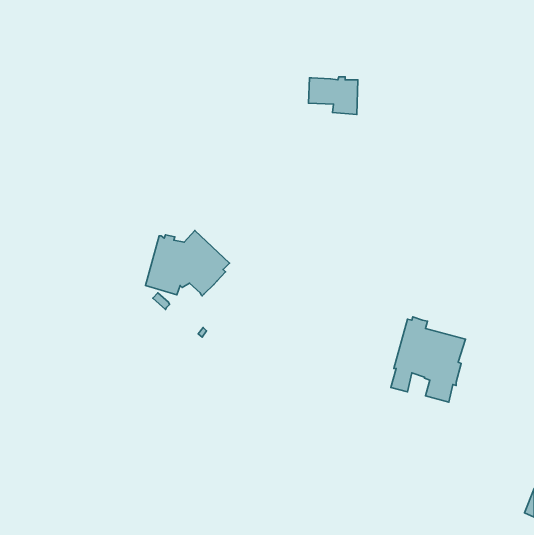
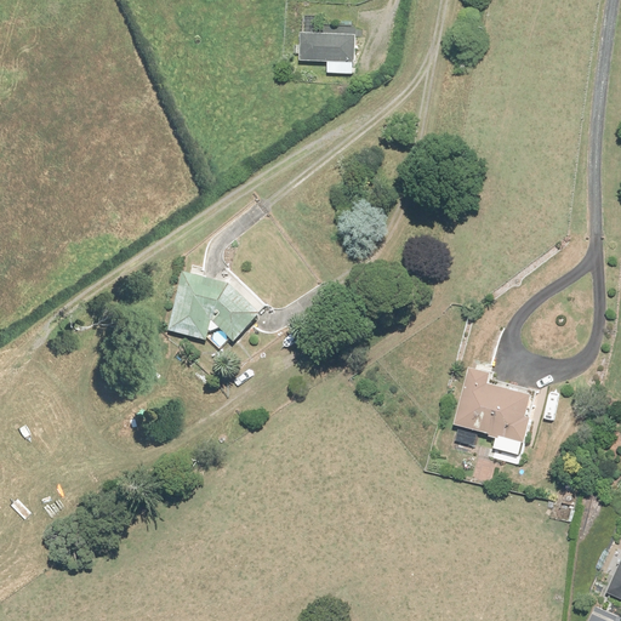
building: [308,77,358,115] -> [297,29,354,73]

